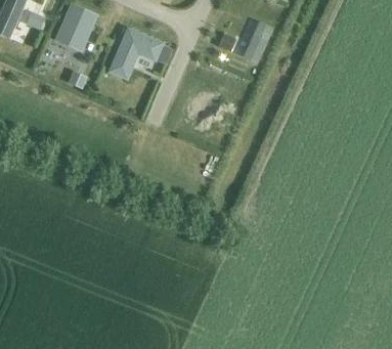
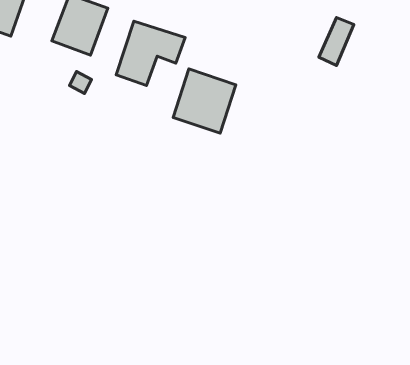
building: [245,23,275,64] -> [319,17,354,65]
building: none -> [173,69,236,133]

